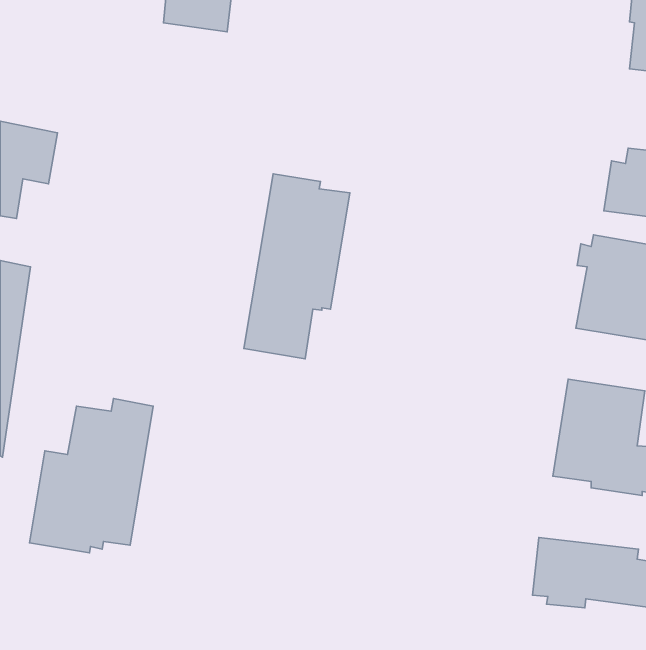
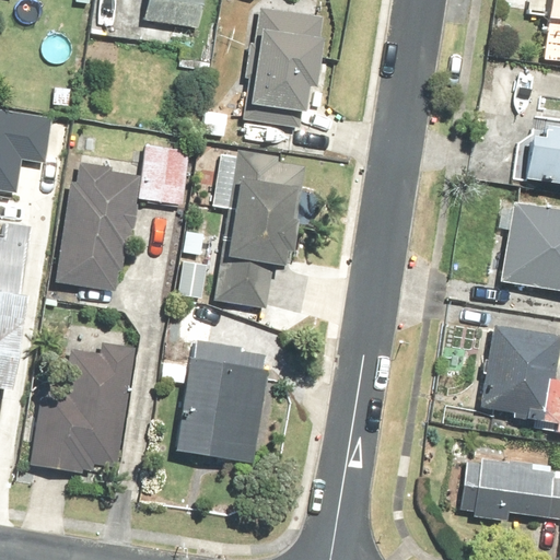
building: none -> [244,7,325,127]
building: none -> [55,140,191,292]
building: none -> [174,340,268,464]

